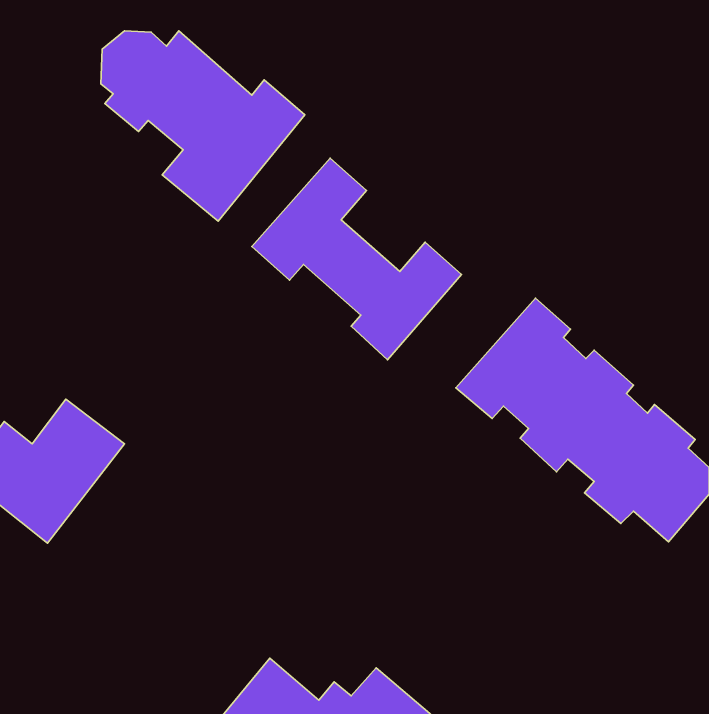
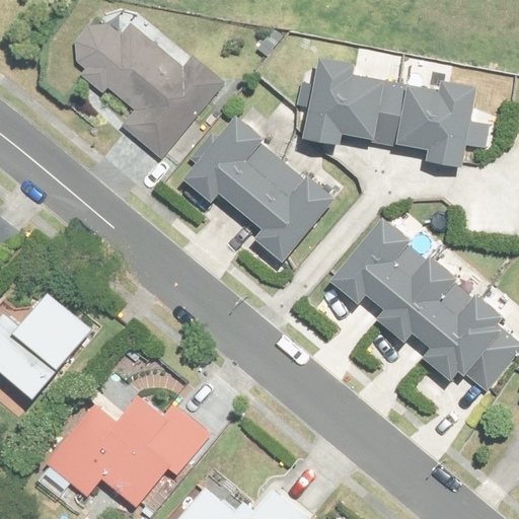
building: none -> [304,59,385,144]
building: none -> [399,83,475,168]
building: none -> [45,391,206,506]

